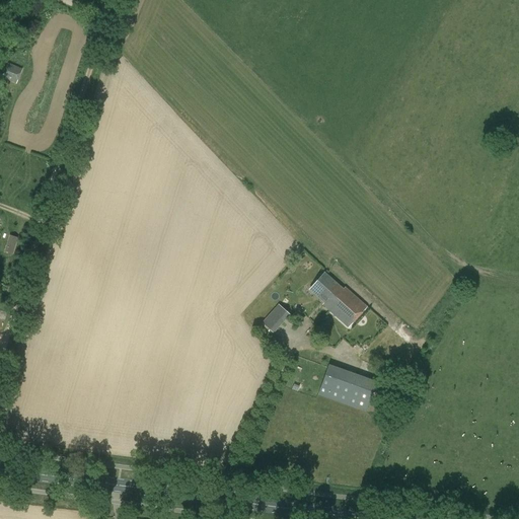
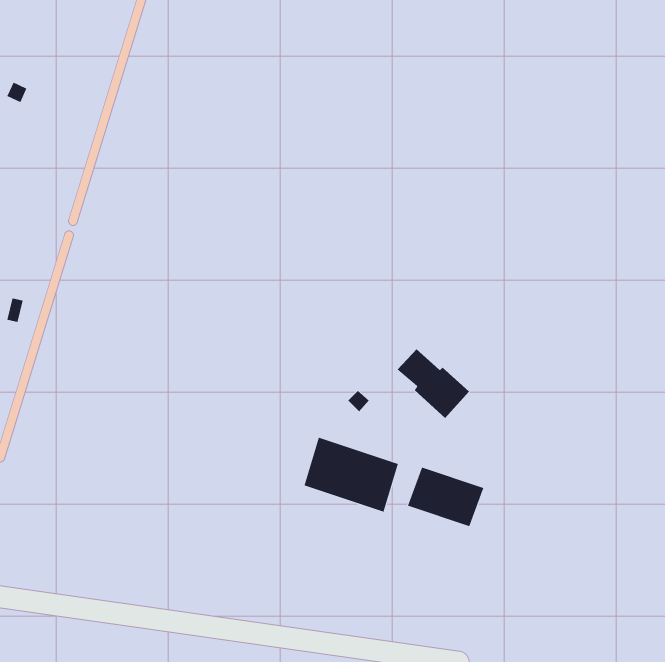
building: none -> [304,437,399,512]

